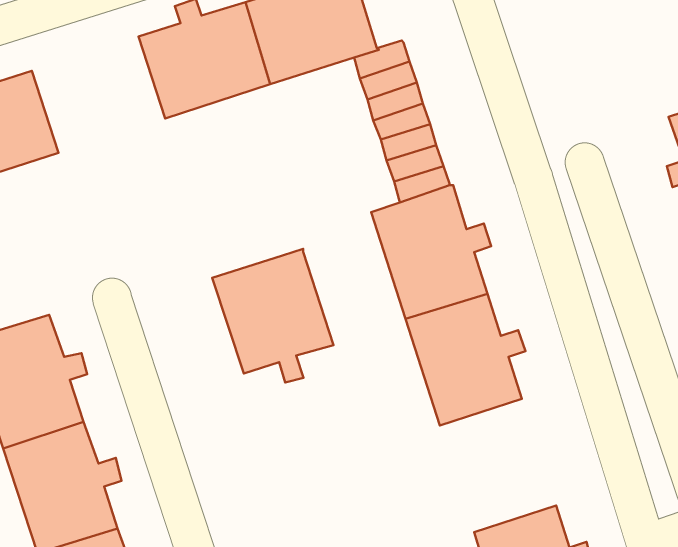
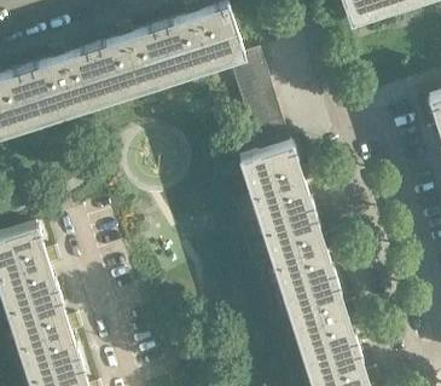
building: none -> [25,48,110,125]
building: [212,249,334,382] -> none
building: none -> [284,281,359,365]

